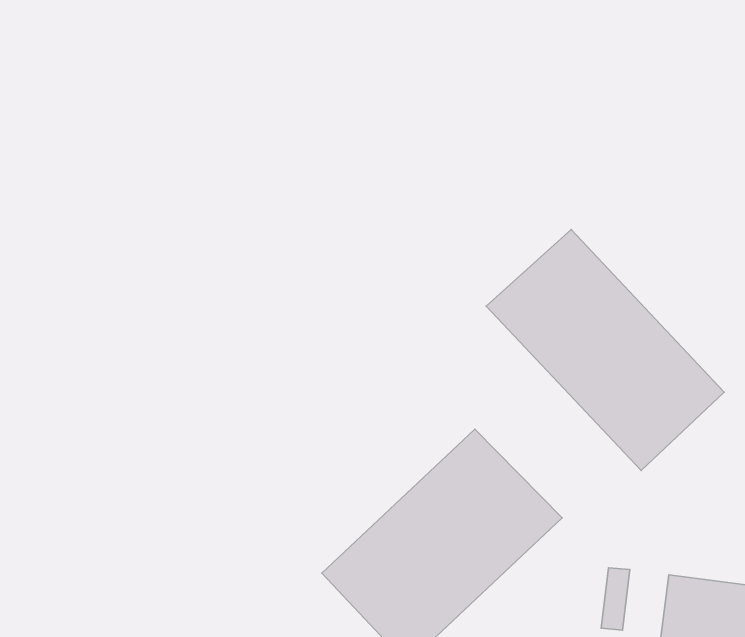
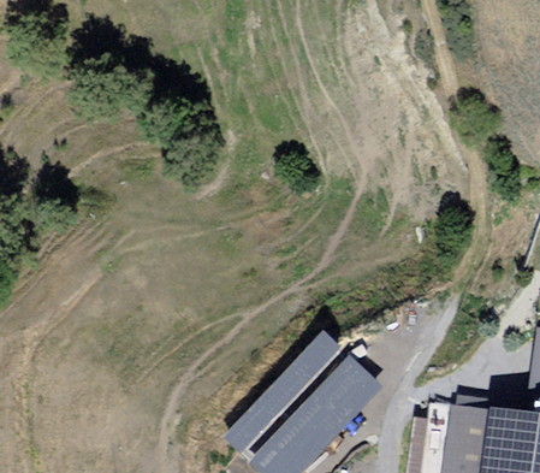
building: [486,230,724,470] -> none

